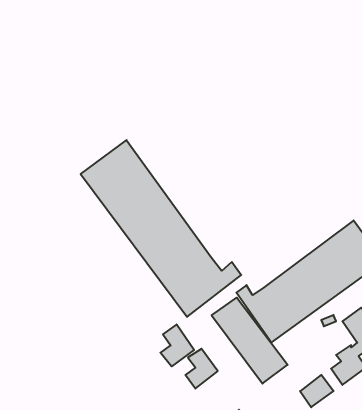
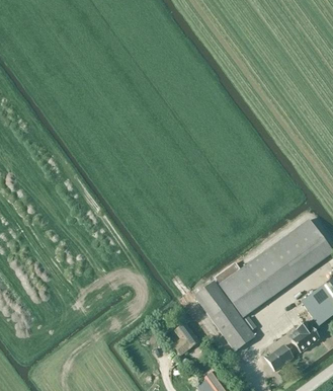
building: [81,140,241,317] -> none
building: [160,324,194,366] -> none

